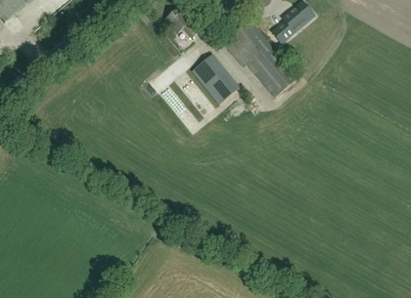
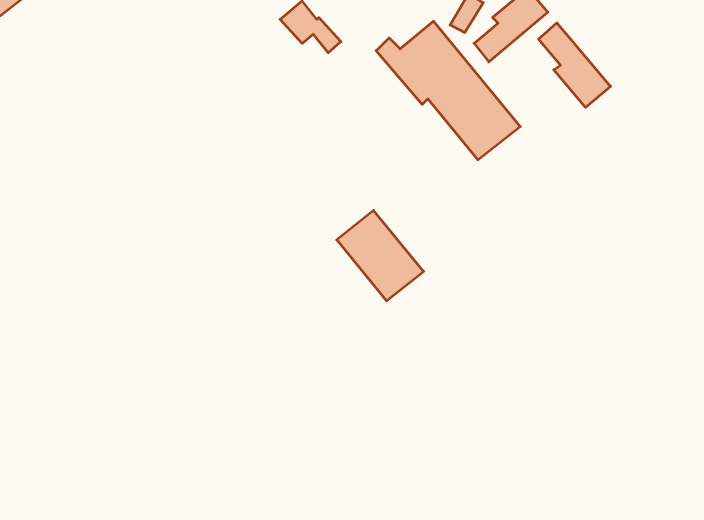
building: none -> [539,23,611,107]
building: [191,54,239,104] -> [337,210,424,301]

